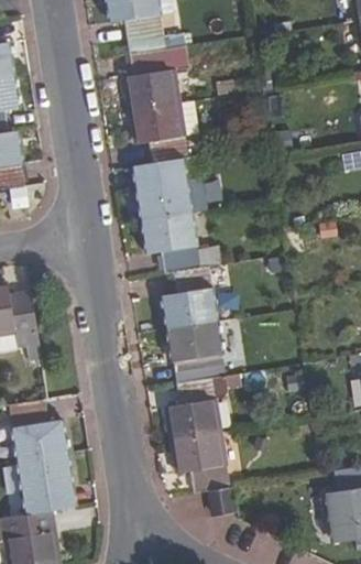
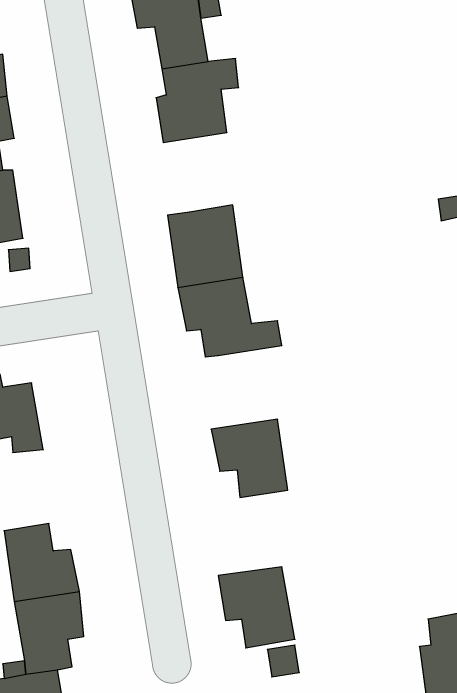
building: [131,102,188,163] -> none
building: [163,264,223,328] -> none
building: [167,375,229,440] -> none

